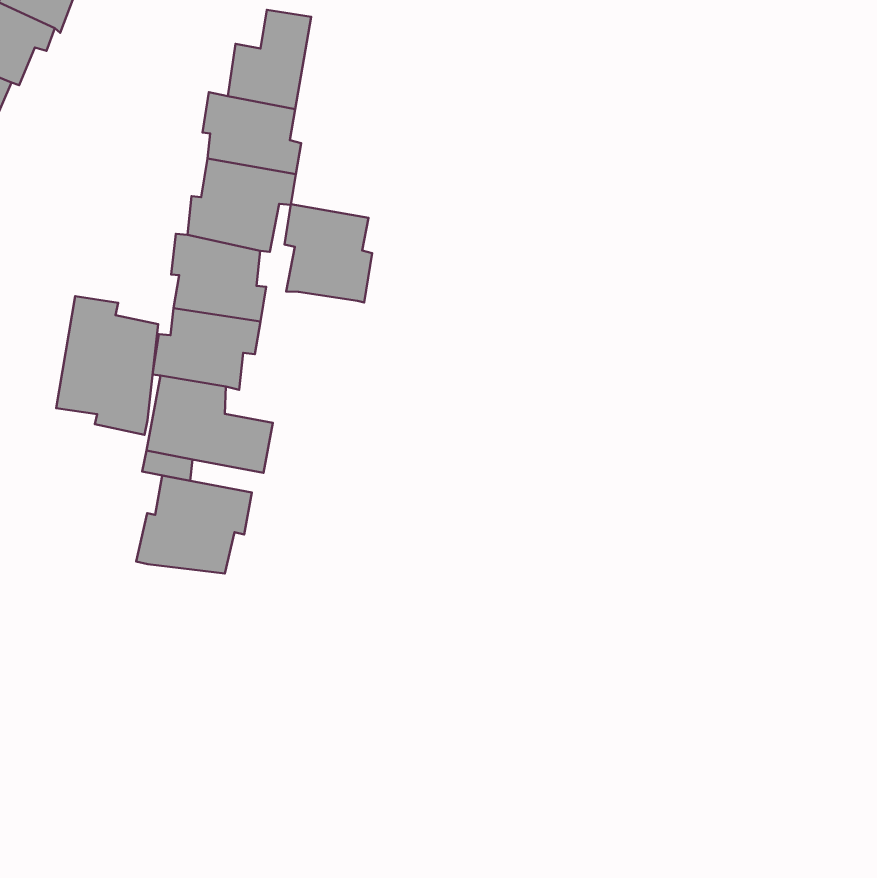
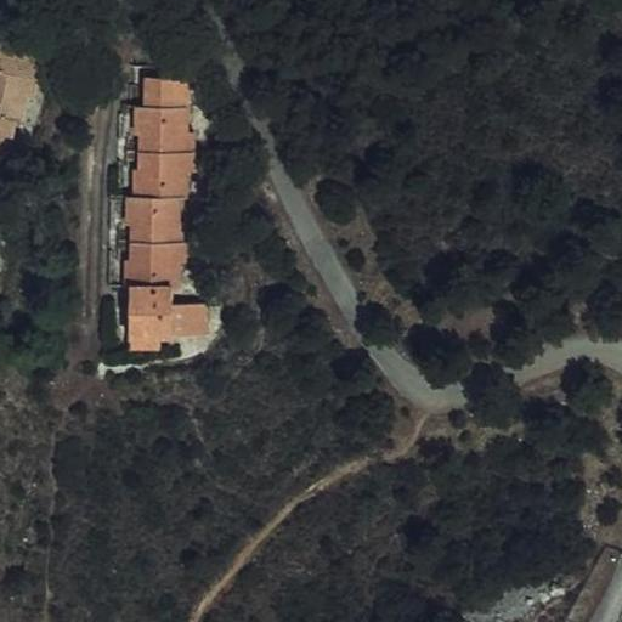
building: [285,204,372,303] -> none
building: [56,296,158,435] -> none
building: [136,475,252,573] -> none

